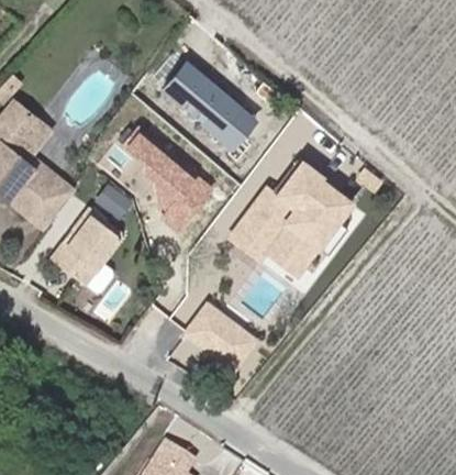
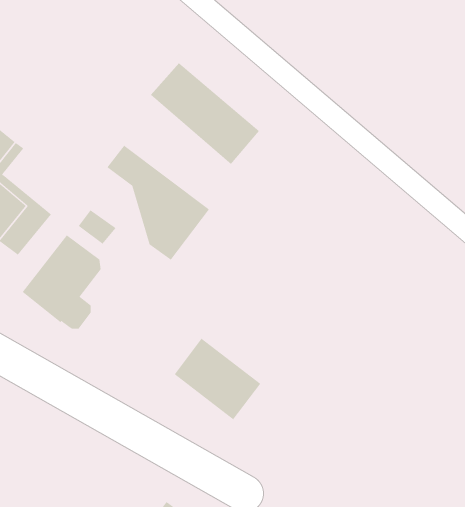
building: [226,162,353,280] -> none

